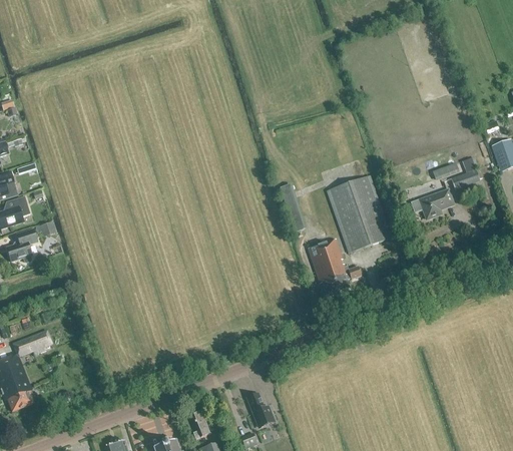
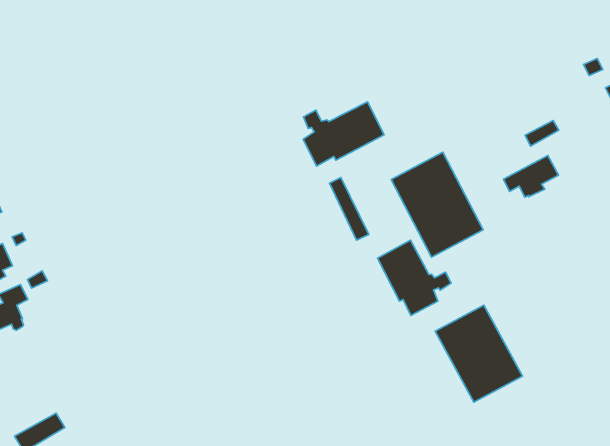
building: none -> [303,102,384,166]
building: [450,157,481,189] -> none
building: none -> [435,305,523,402]

